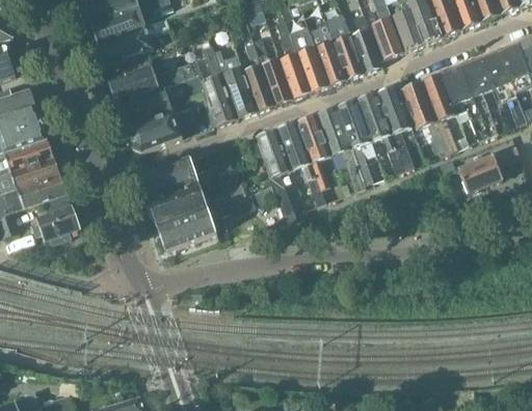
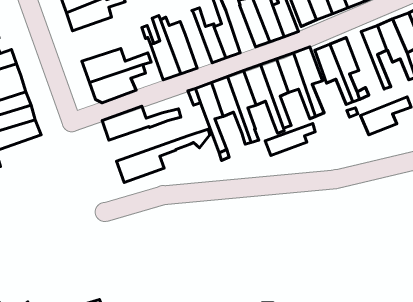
building: [292,34,328,92] -> none
building: [242,44,275,111] -> none
building: [108,62,192,103] -> none
building: [440,66,486,140] -> none
building: none -> [265,124,315,155]
building: [149,182,245,225] -> none
building: [32,204,78,244] -> none

